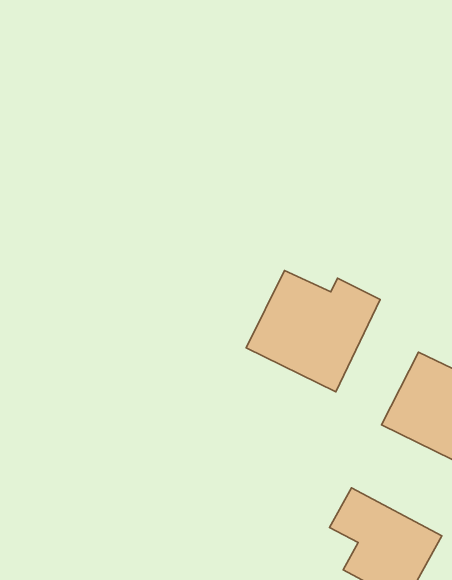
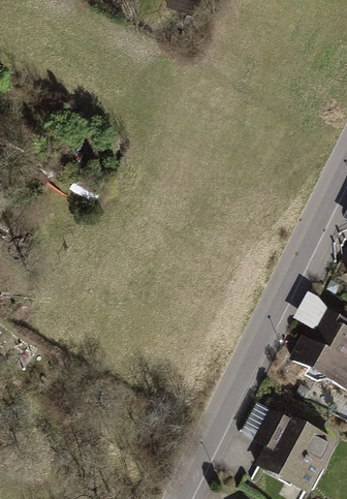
building: [246,270,380,392] -> none

